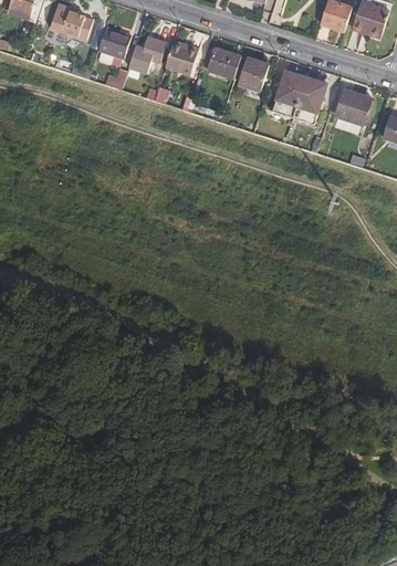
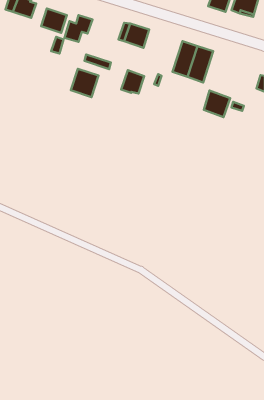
building: [165,40,198,74] -> none
building: [238,56,269,87] -> [121,70,144,94]
building: [336,88,372,124] -> [204,91,230,117]
building: none -> [71,69,99,97]

